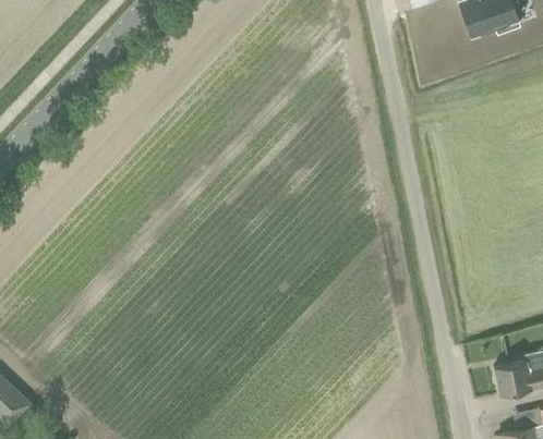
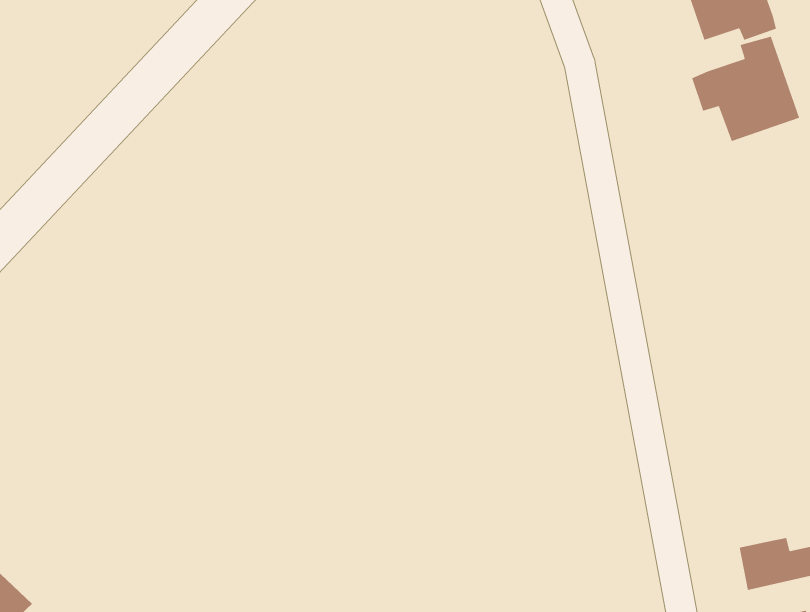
building: none -> [691,36,800,142]

